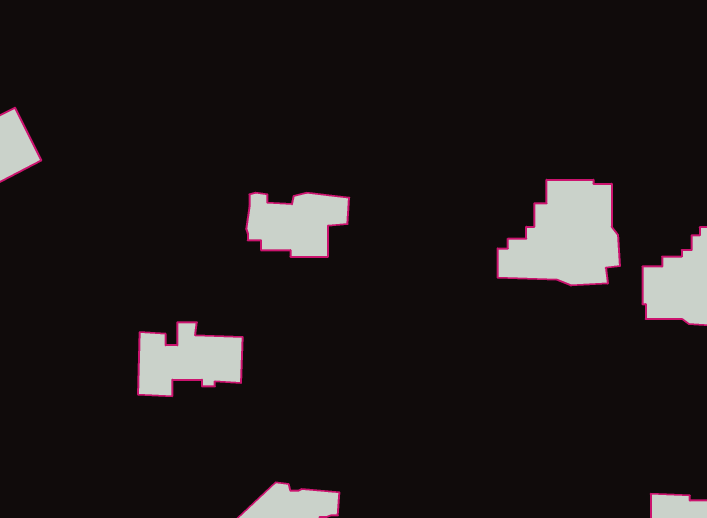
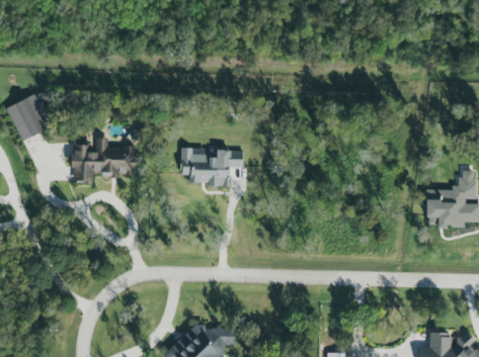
building: [498,180,620,286] -> none
building: [138,322,243,396] -> [72,139,137,184]

